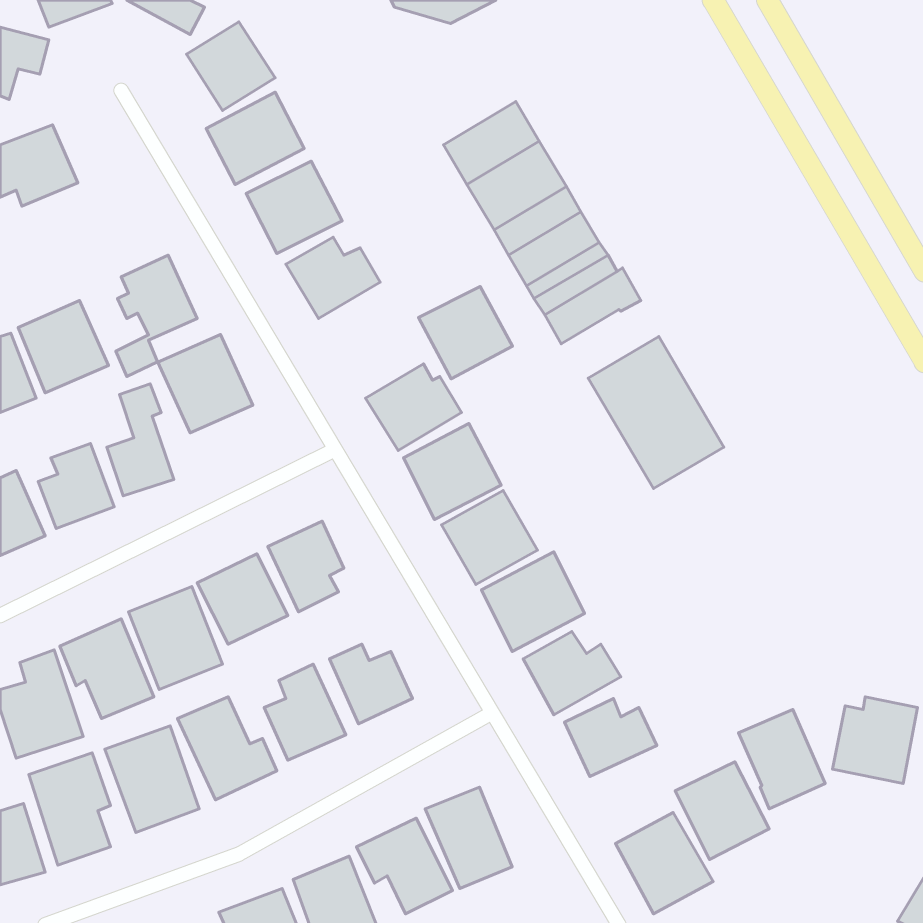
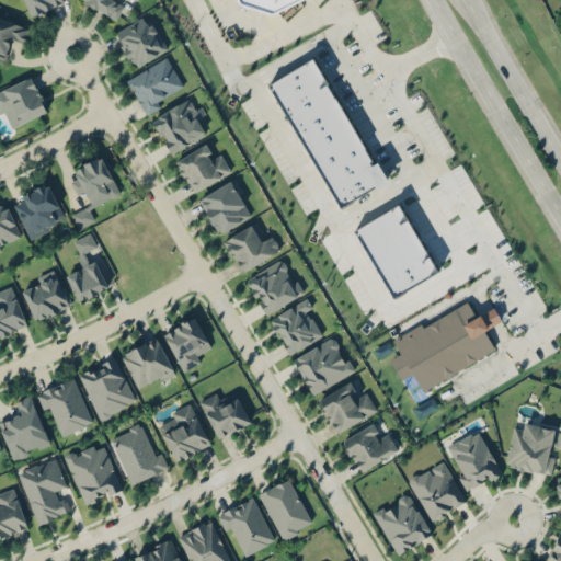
building: [419,287,513,379] -> [198,179,255,234]
building: [158,335,253,433] -> none
building: none -> [391,301,501,390]

